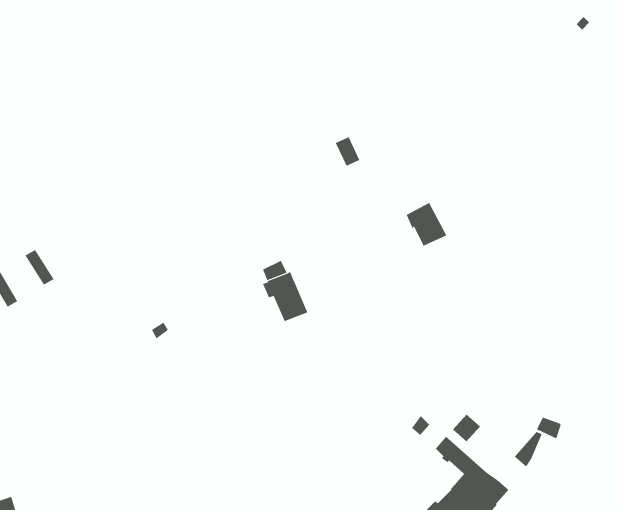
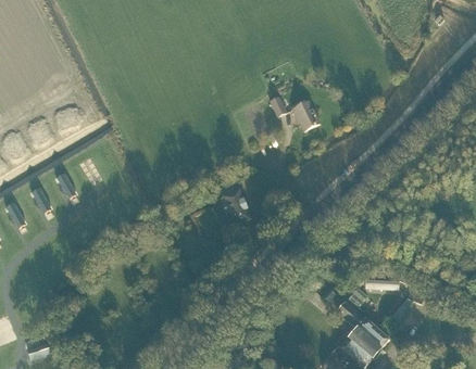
building: [406,202,447,246] -> [291,100,320,130]

